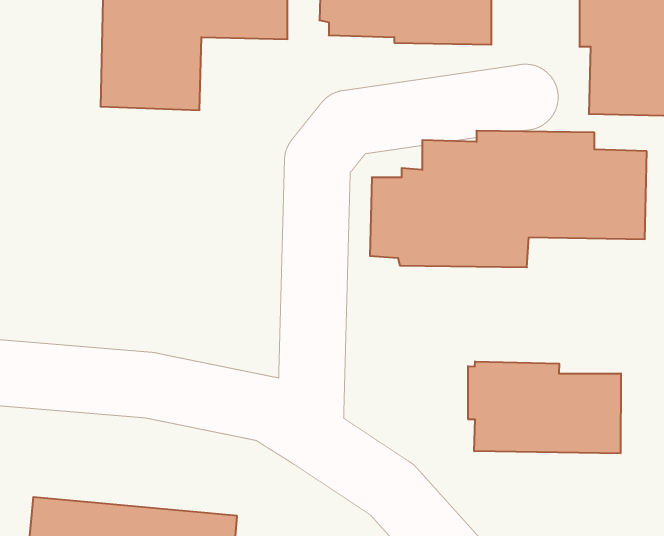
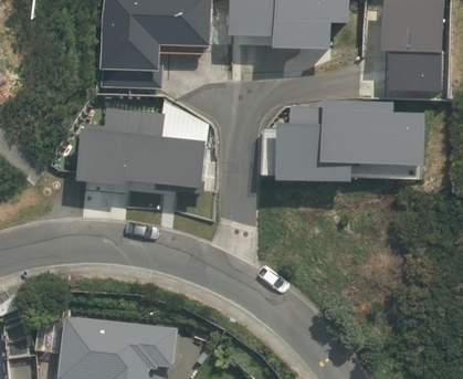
building: none -> [76,107,206,189]
building: [468,361,621,453] -> none

